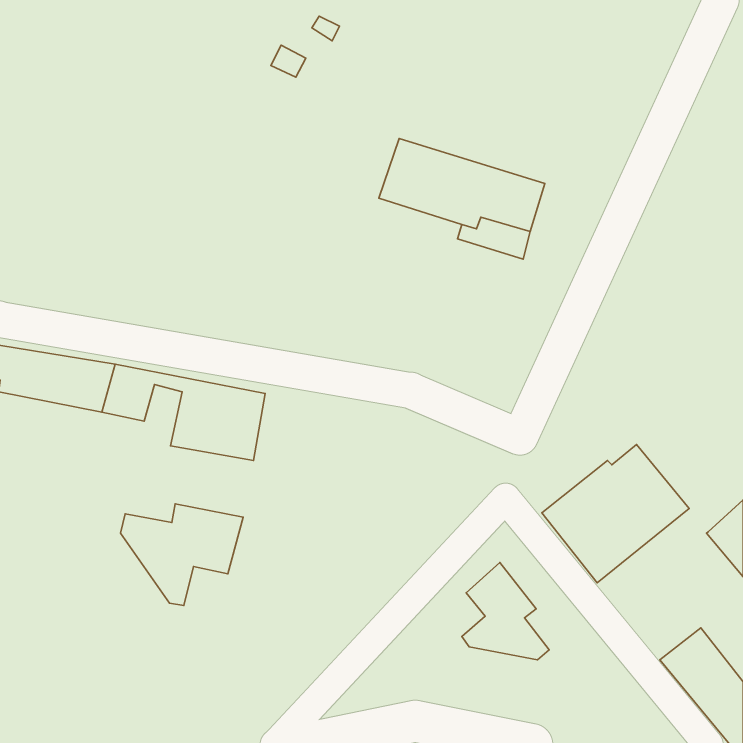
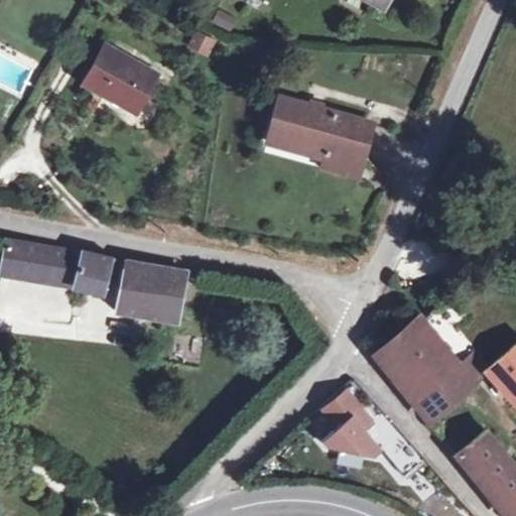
building: none -> [83,45,156,109]
building: [120,504,243,605] -> none
building: none -> [413,353,490,419]

